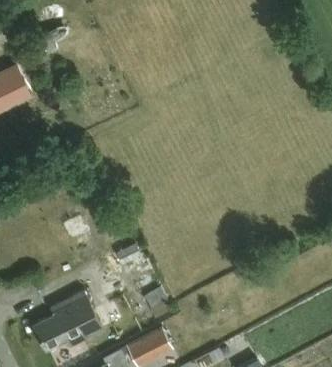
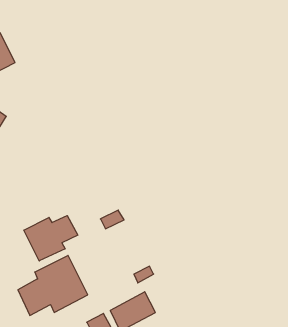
building: none -> [24,216,78,261]

